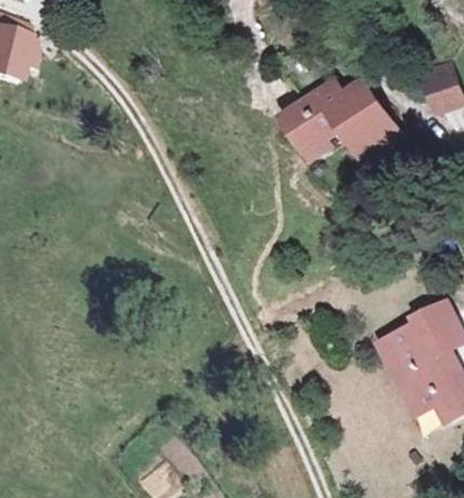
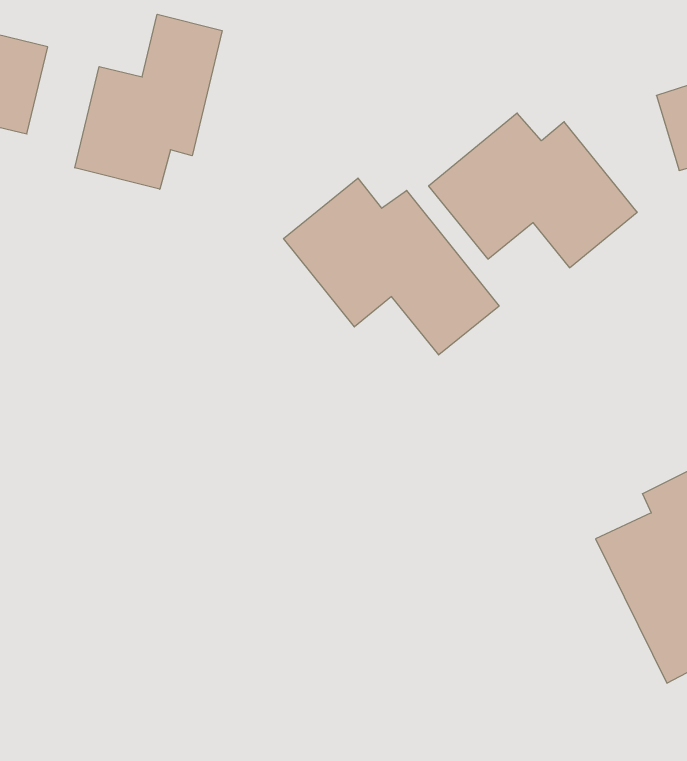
building: none -> [75,14,222,189]
building: none -> [284,178,499,355]

